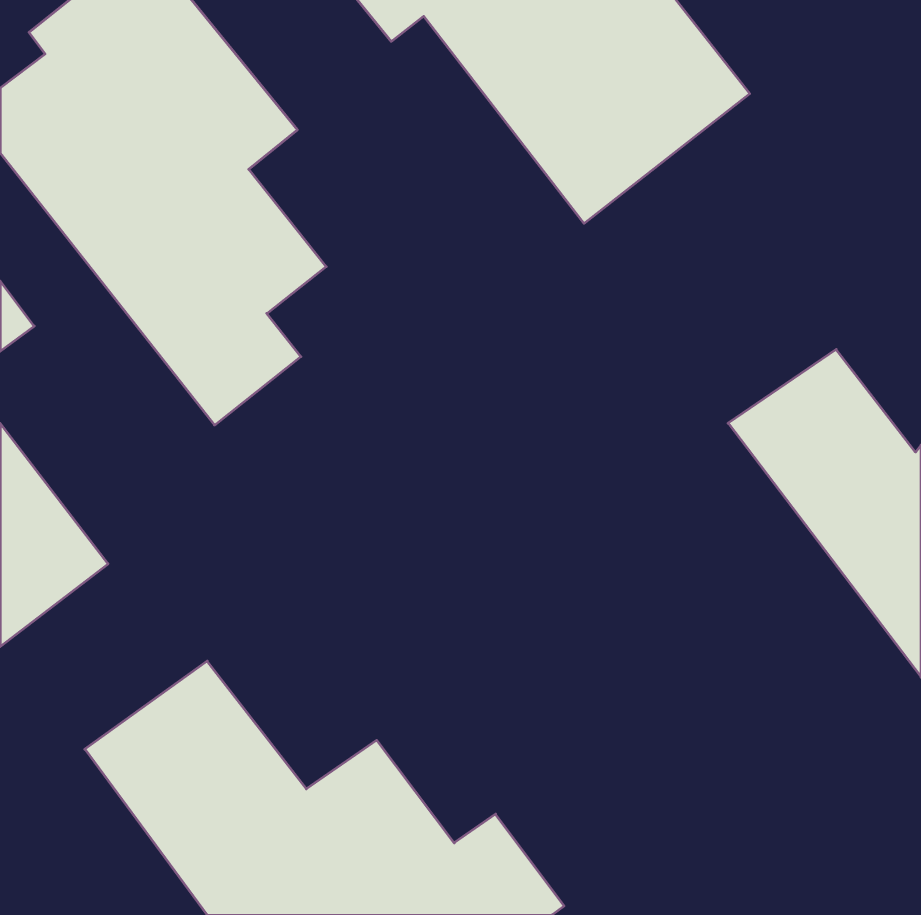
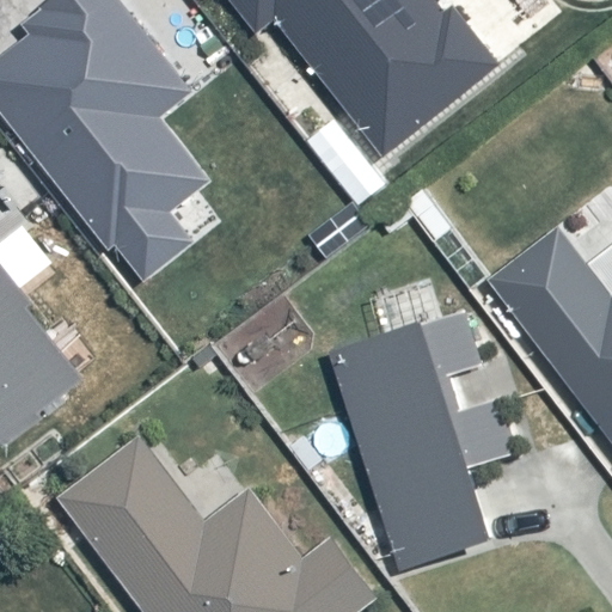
building: none -> [324,314,515,573]

